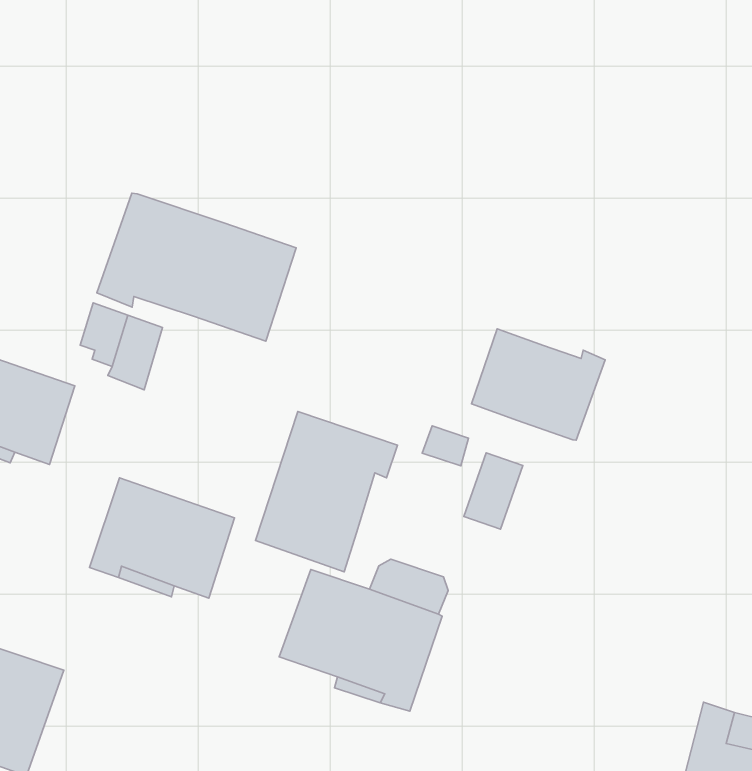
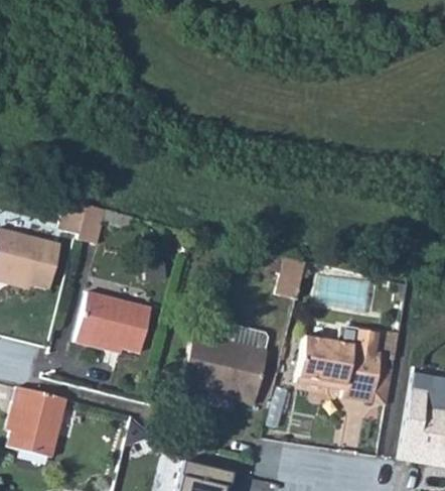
building: [97,193,296,341] -> none
building: [472,329,605,440] -> none
building: [256,412,397,572] -> none
building: none -> [296,330,394,404]

